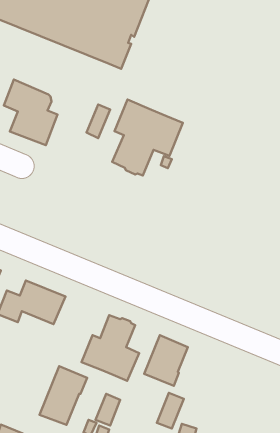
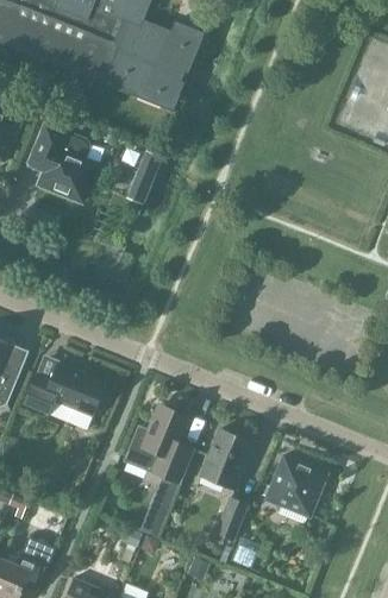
building: [112,100,183,175] -> none
building: none -> [264,455,326,518]
building: [40,366,87,425] -> none

